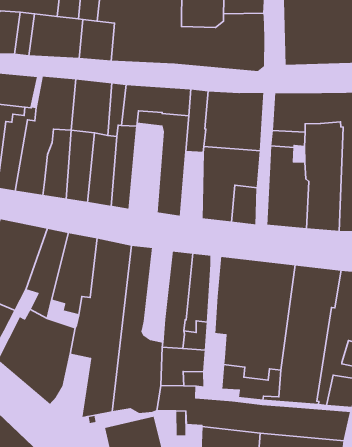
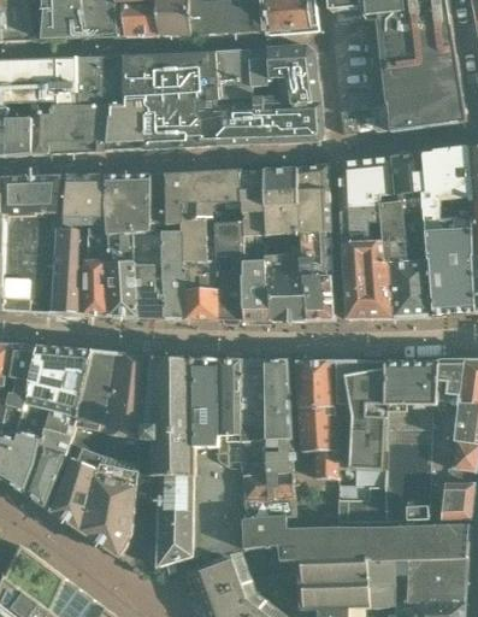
building: none -> [183,217,218,318]
building: none -> [243,242,271,319]
building: none -> [217,359,242,468]

